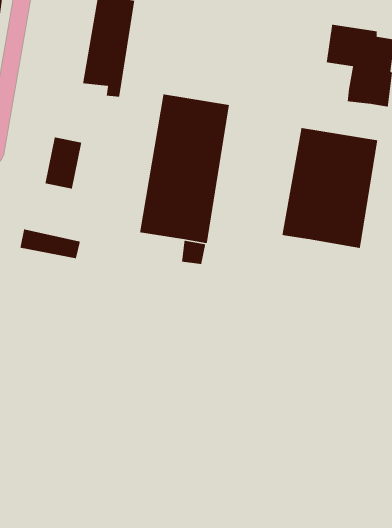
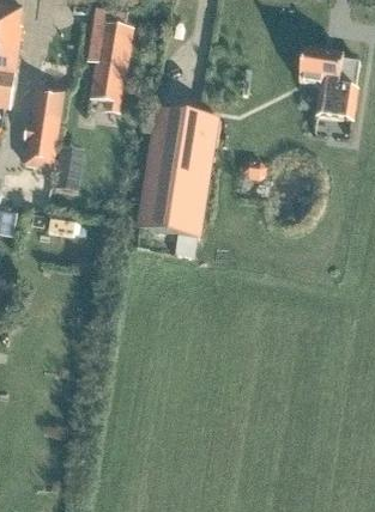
building: none -> [25,86,66,167]
building: [282,127,378,249] -> none

